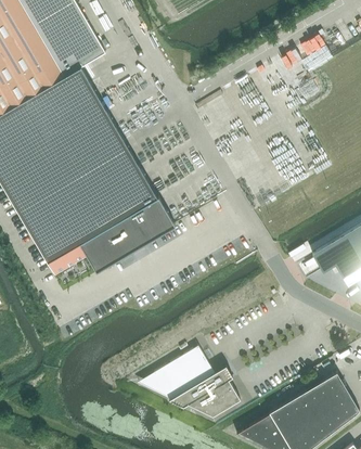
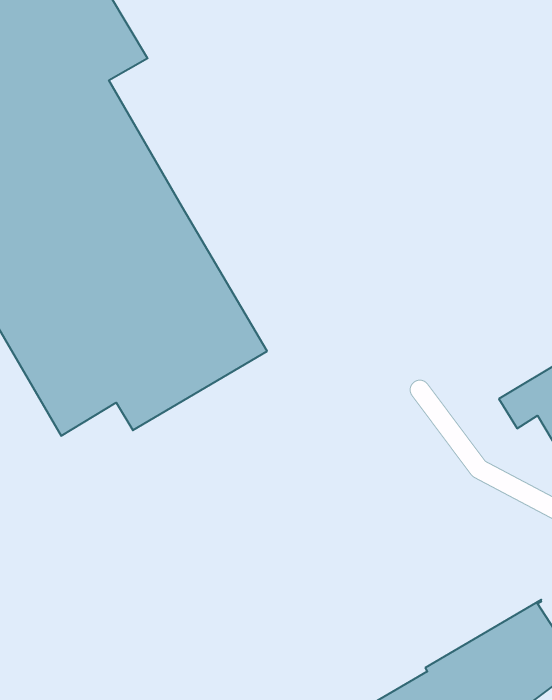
building: [147,346,240,416] -> none

